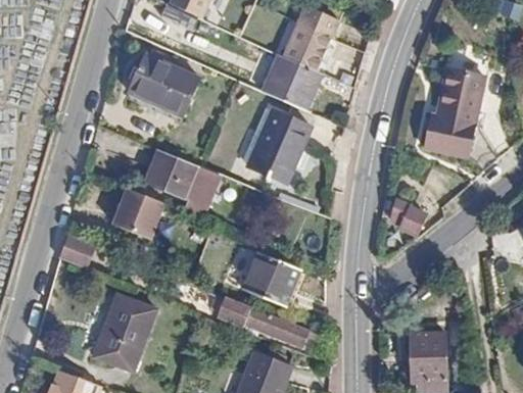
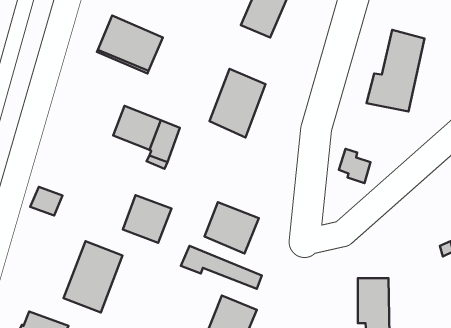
building: [259,58,318,114] -> none
building: [110,193,162,244] -> [123,195,172,243]

